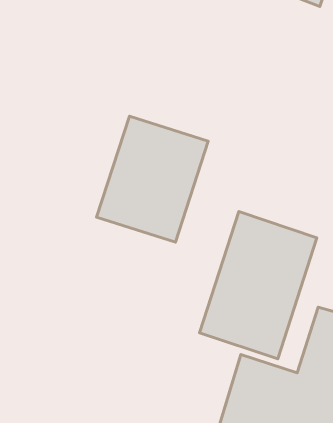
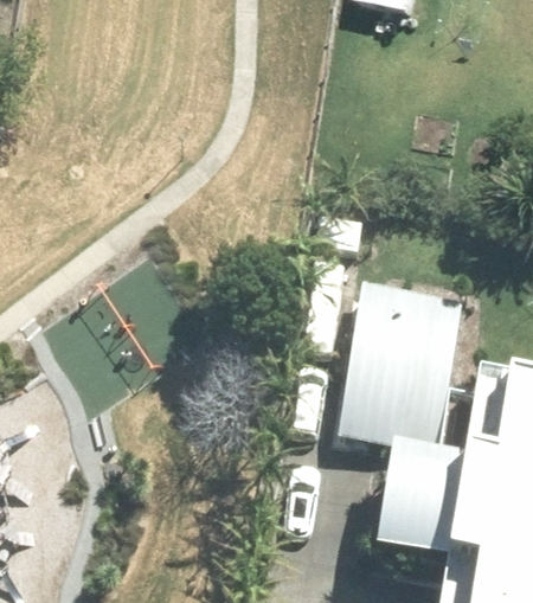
building: [97,116,208,242] -> none

